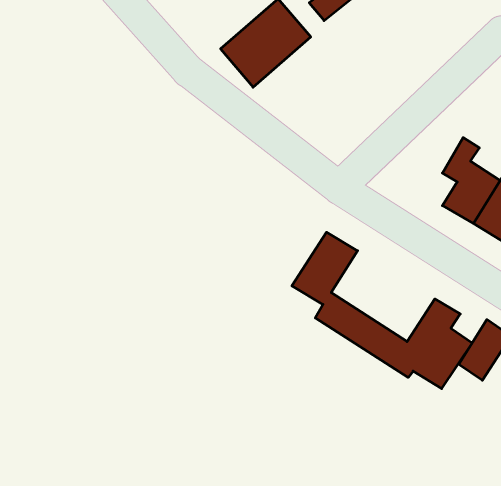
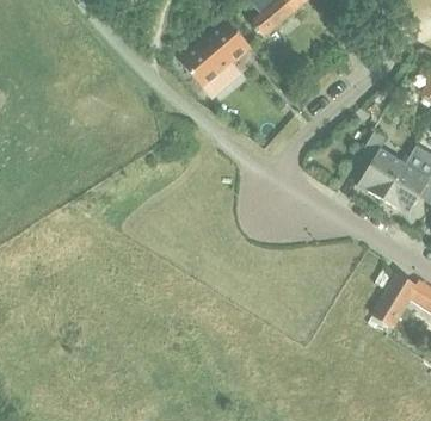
building: [292,232,472,389] -> none

